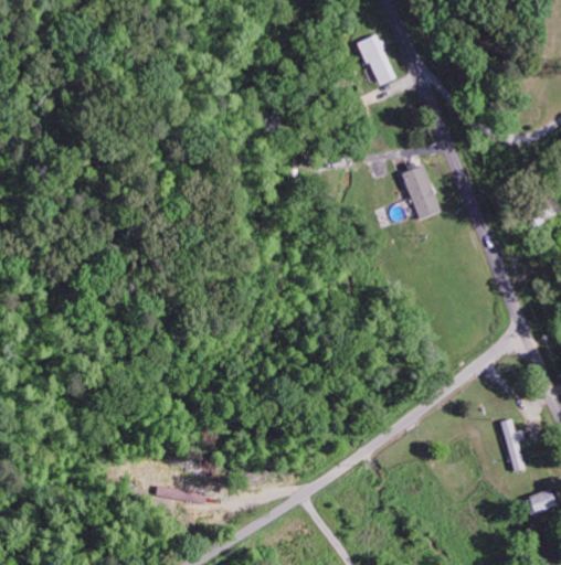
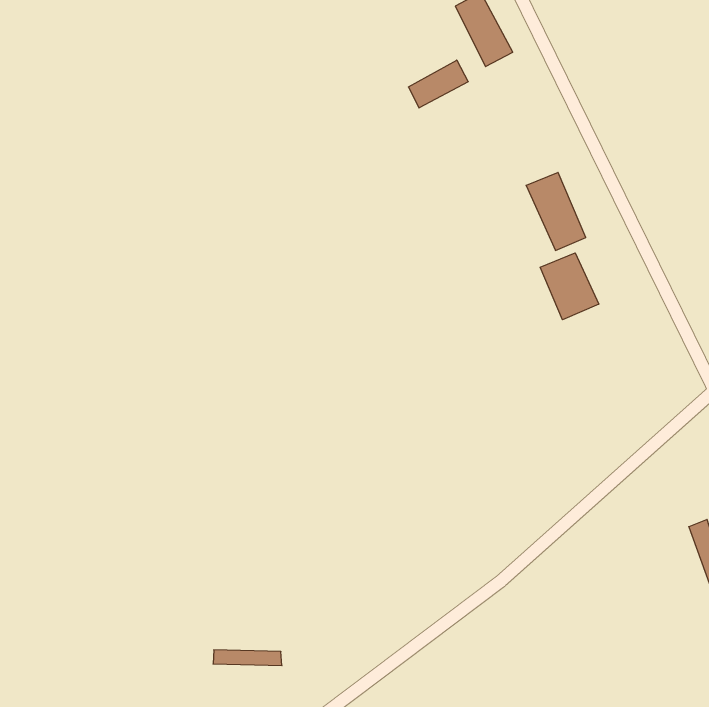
building: none -> [408,60,468,108]
building: none -> [540,253,599,320]

